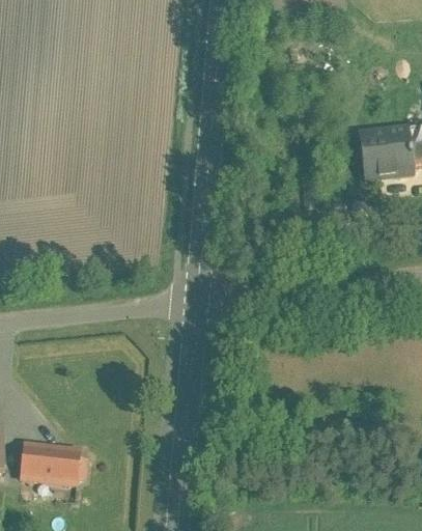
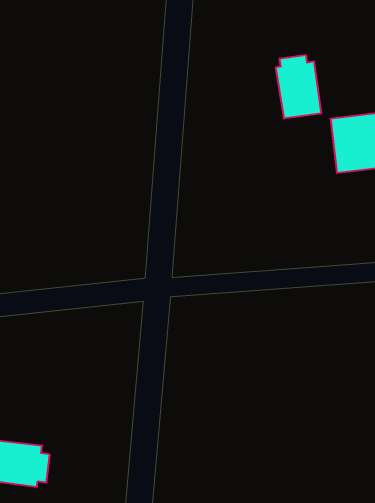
building: none -> [276,55,321,119]

